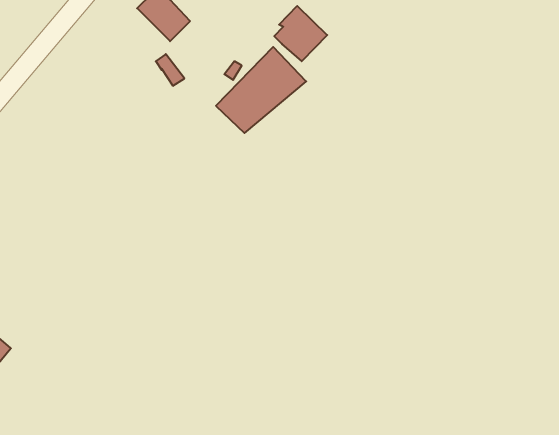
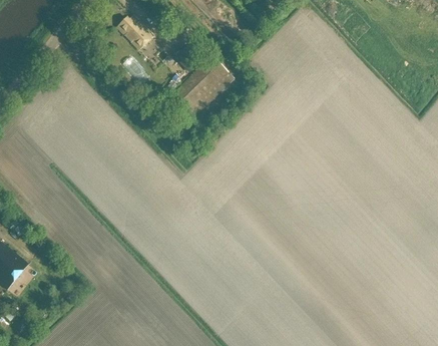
building: [274,6,327,61] -> none

